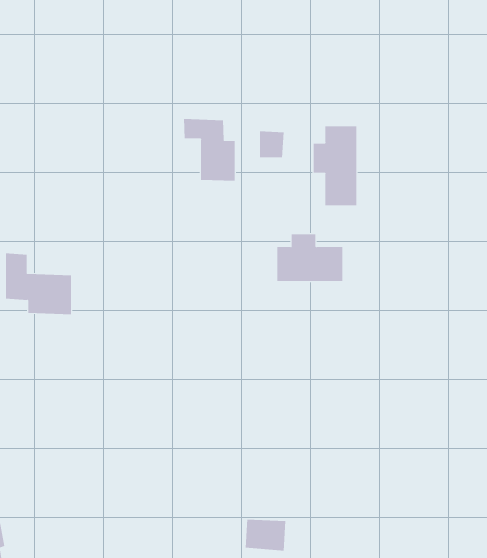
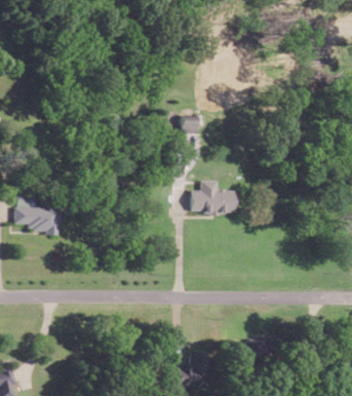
building: [183,118,235,182] -> none
building: [313,125,357,206] -> none

